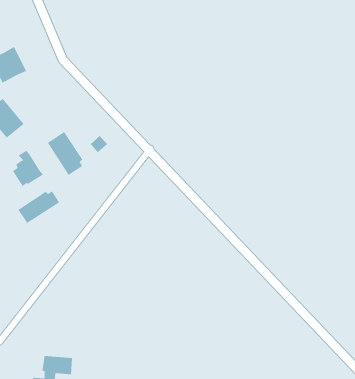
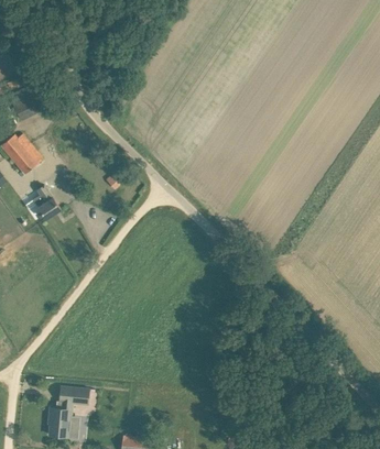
building: [47,131,83,176] -> none
building: [17,191,60,224] -> none

